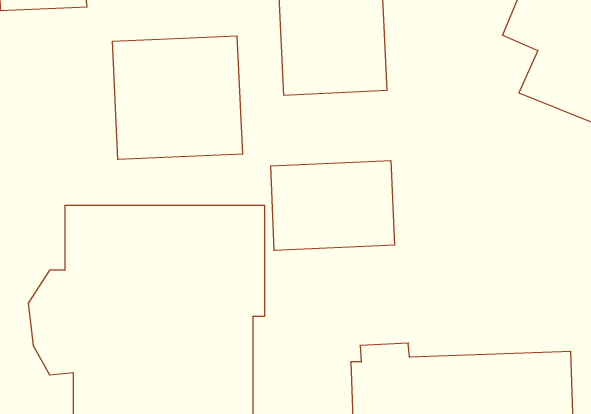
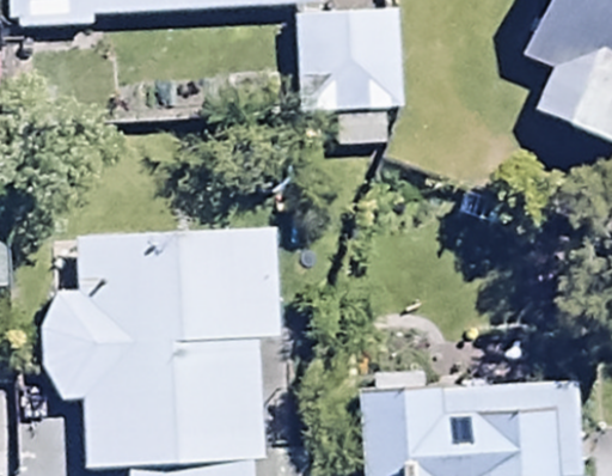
building: [112,36,242,160] -> none
building: [271,161,394,251] -> none

